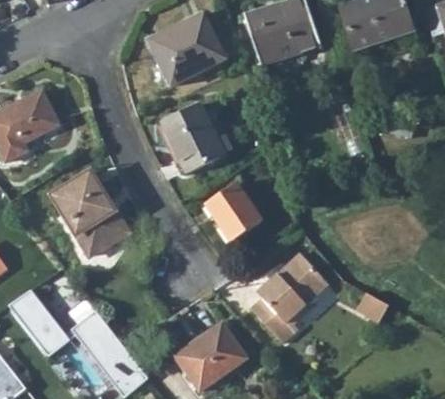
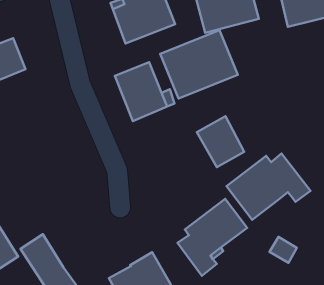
building: none -> [160,30,238,99]
building: [51,170,128,255] -> none
building: [205,183,261,242] -> [197,116,244,167]
building: none -> [227,153,311,220]

